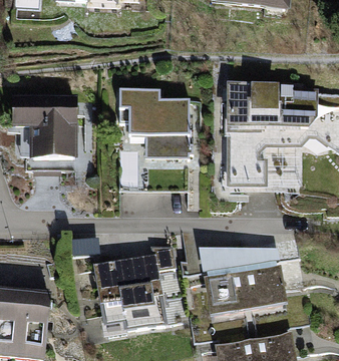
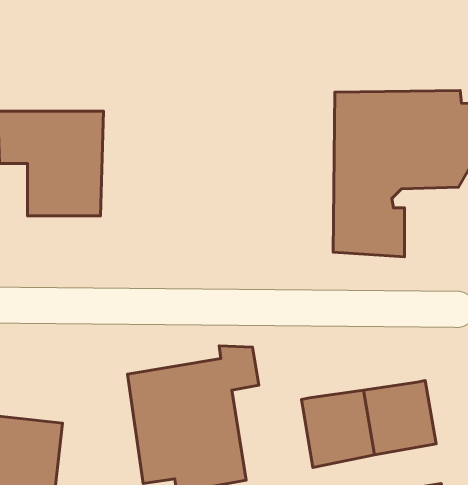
building: [119,88,191,157] -> none
building: [199,246,281,278] -> none

